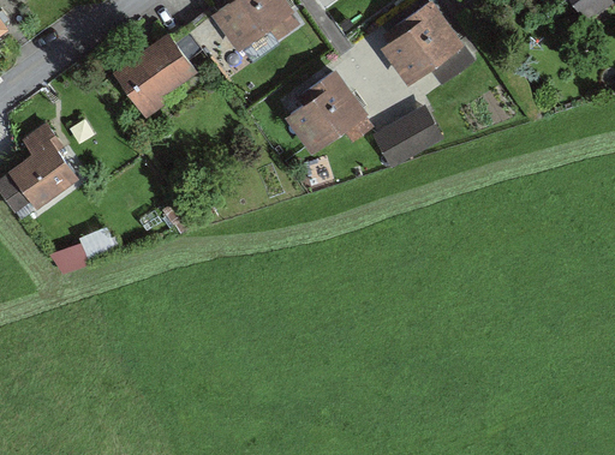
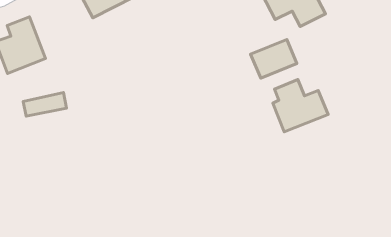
building: [282,72,372,154] -> none
building: none -> [273,80,328,132]

